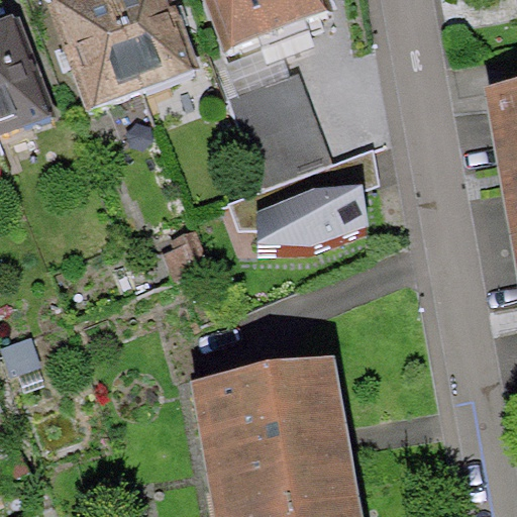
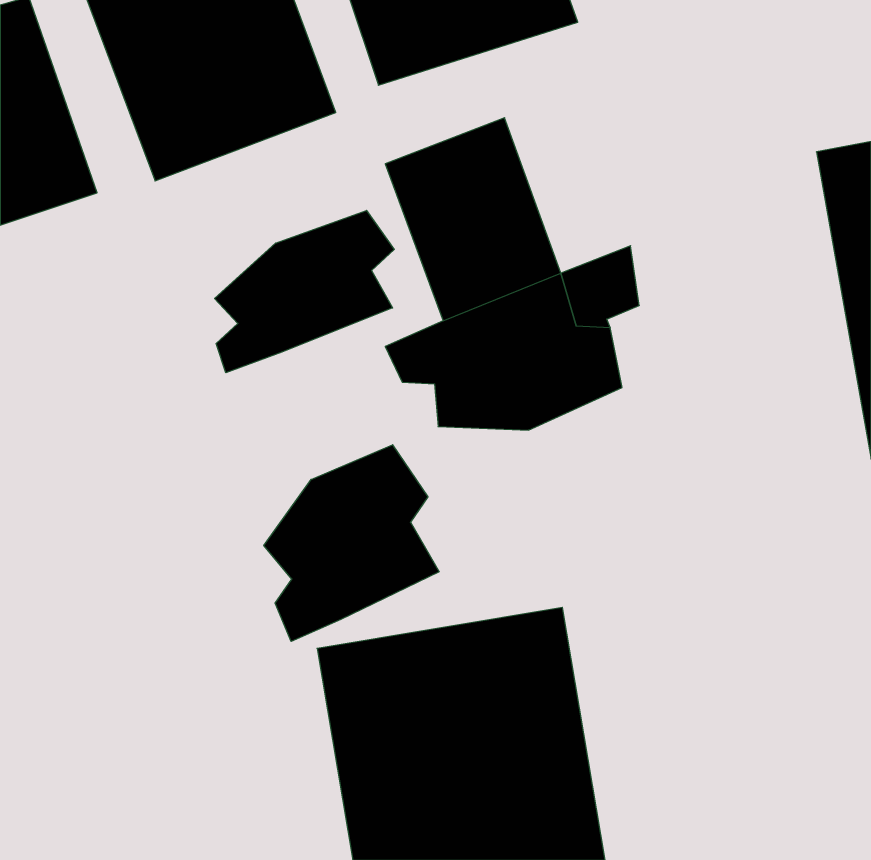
building: none -> [215,210,394,373]
building: none -> [264,445,439,641]

